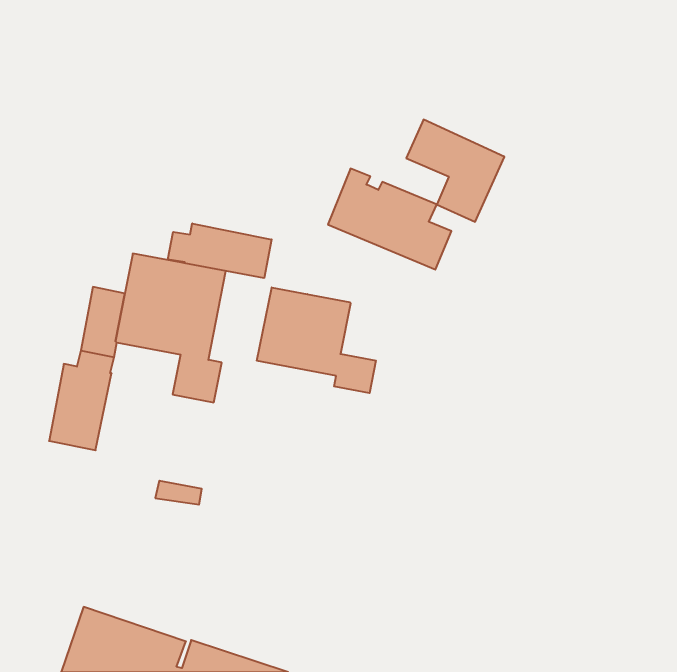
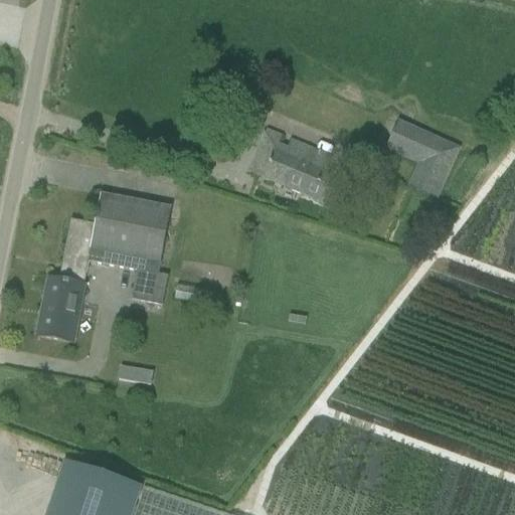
building: [406,120,504,222] -> [386,119,461,196]
building: [168,223,272,278] -> none
building: [257,287,376,393] -> none

